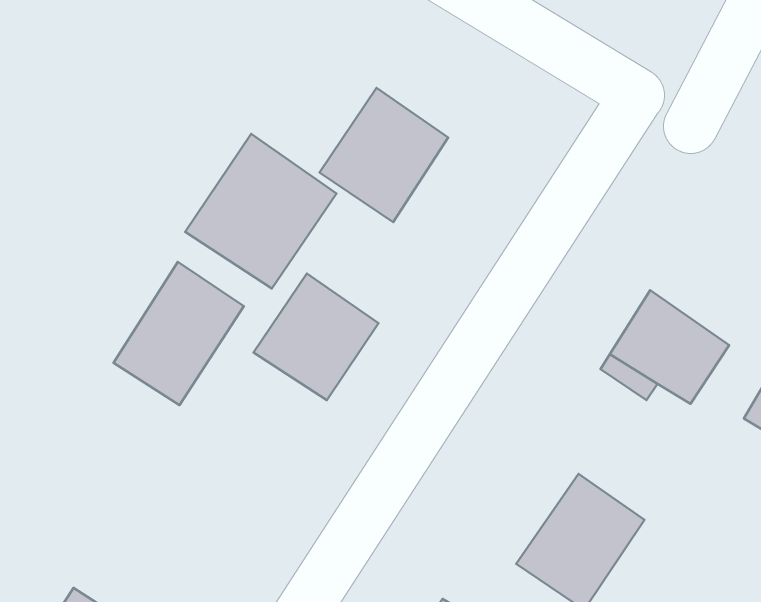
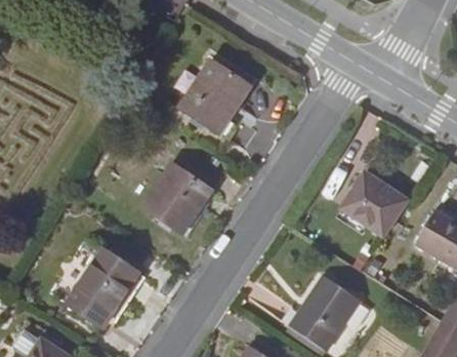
building: [185,134,337,289] -> none
building: [113,262,244,405] -> [67,248,139,328]

